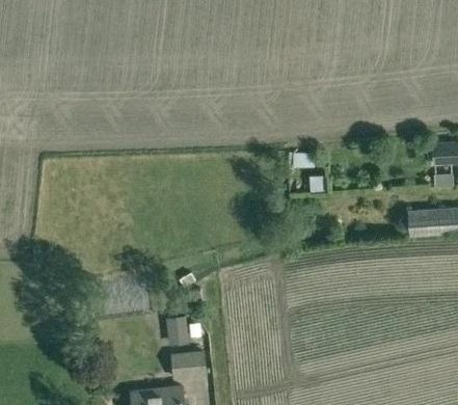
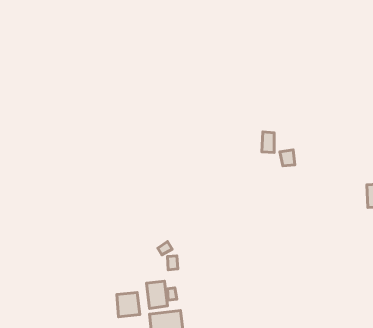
building: none -> [117,292,140,317]

